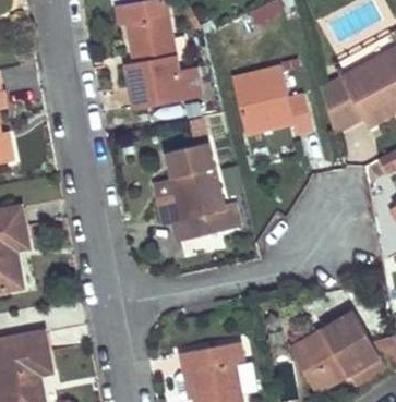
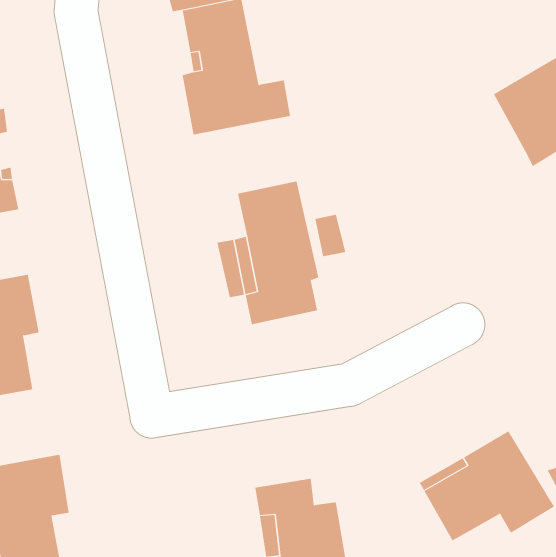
building: [232,70,311,135] -> none
building: [322,81,364,138] -> none

